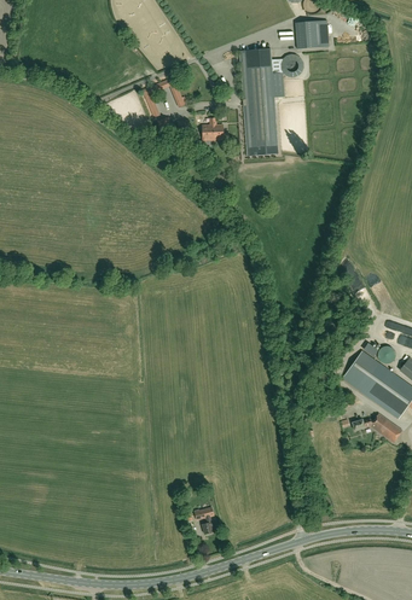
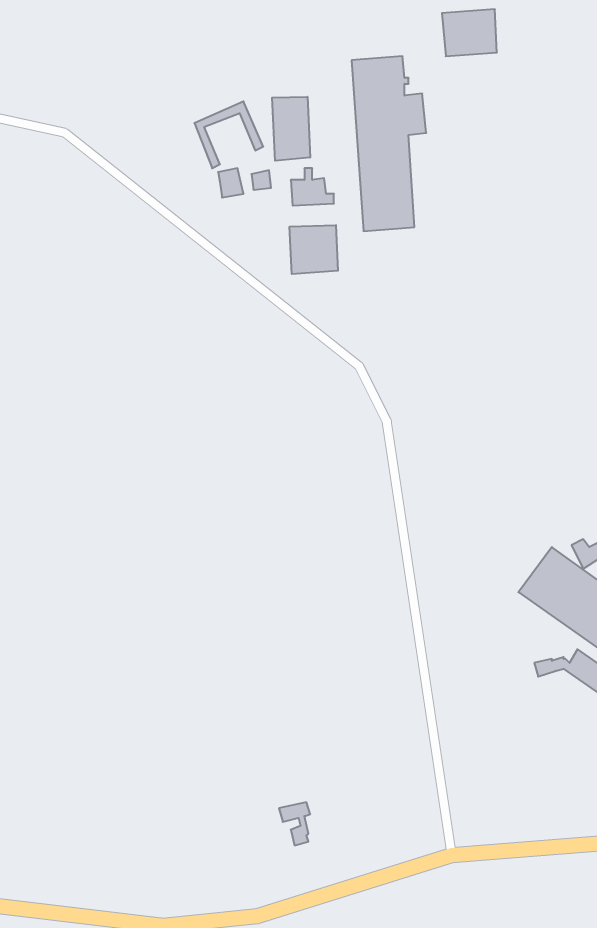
building: none -> [272,97,310,161]
building: none -> [290,225,338,274]

